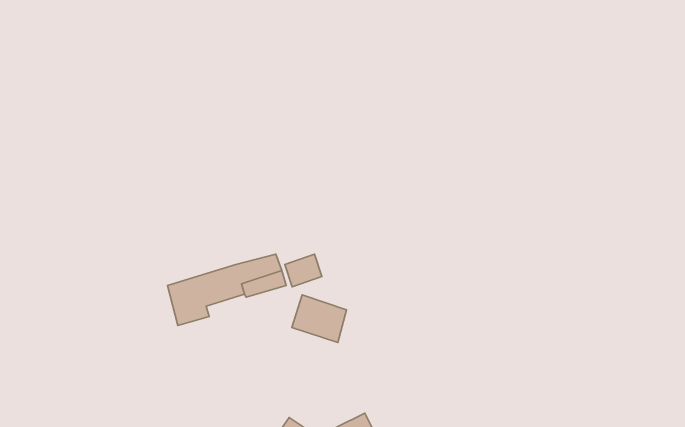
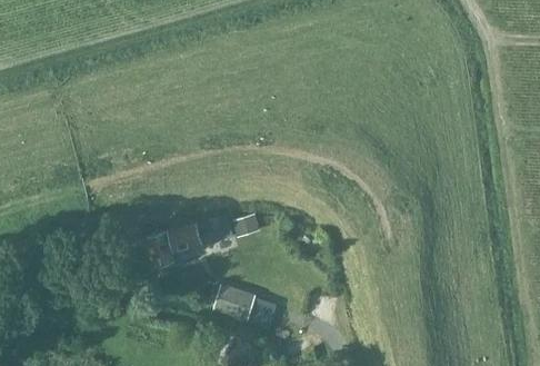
building: [292,295,347,342] -> [213,286,254,322]

